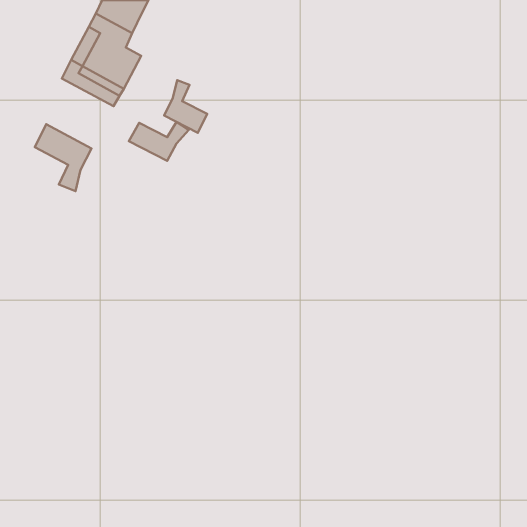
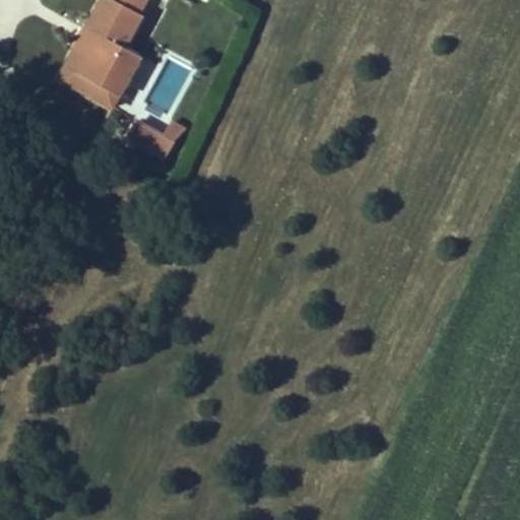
building: [164,80,207,133] -> none
building: [35,124,91,191] -> none

